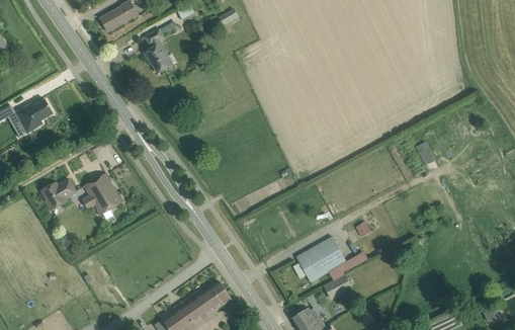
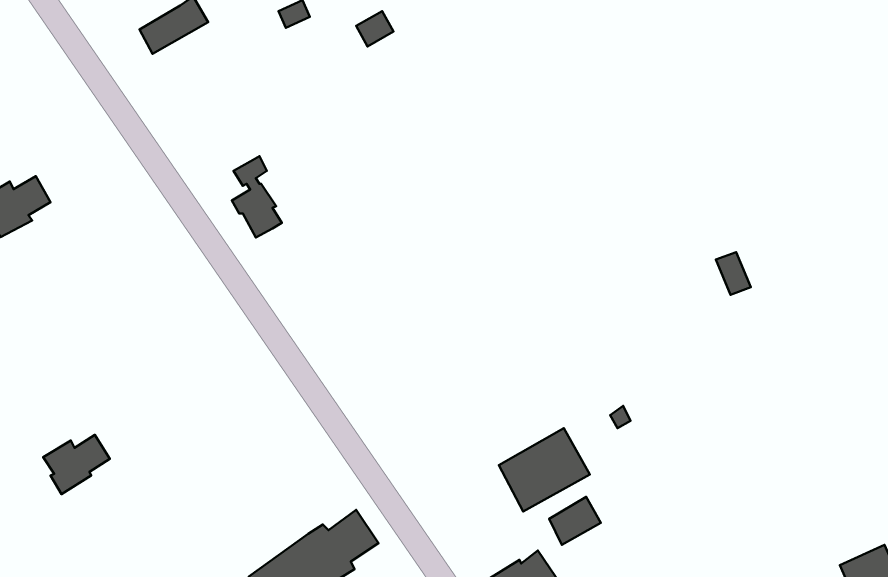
building: [144,28,171,73] -> [232,156,282,238]
building: [84,173,122,215] -> none
building: [40,178,77,211] -> [43,435,110,494]

